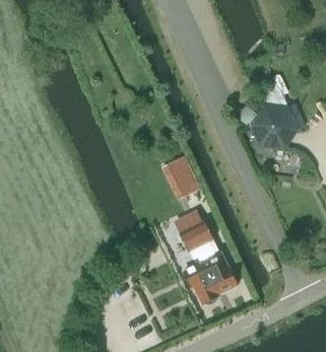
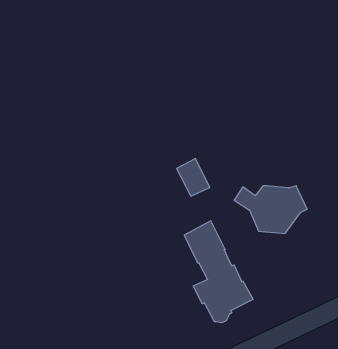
building: [238,104,305,148] -> [234,186,307,233]

